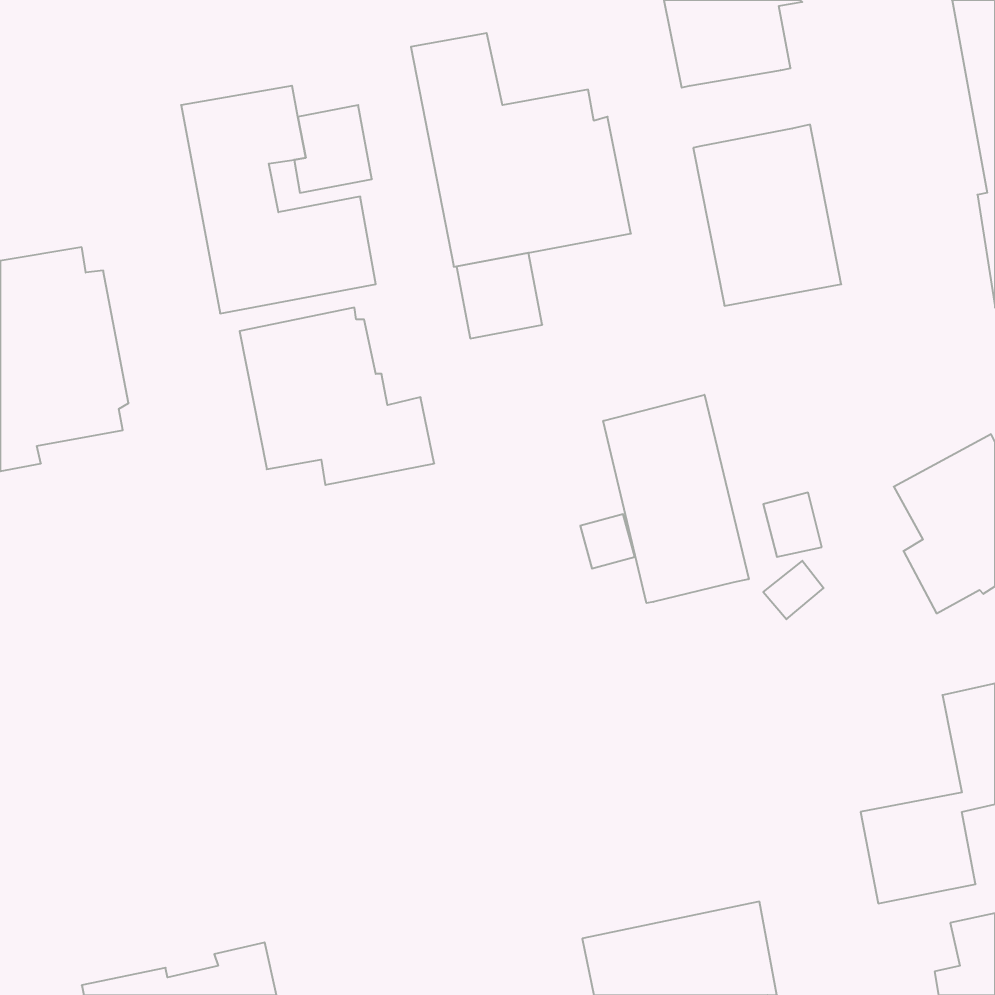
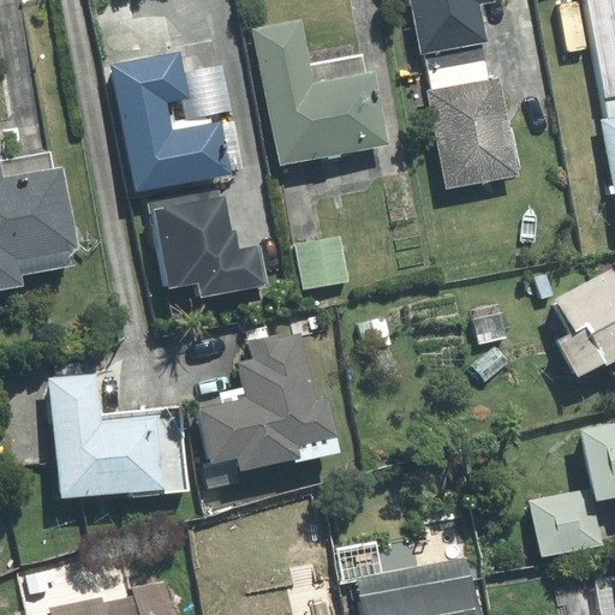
building: none -> [425,43,489,90]
building: [457,253,542,338] -> [295,237,348,289]
building: [603,395,749,603] -> none
building: none -> [199,333,340,488]
building: none -> [49,374,189,498]

